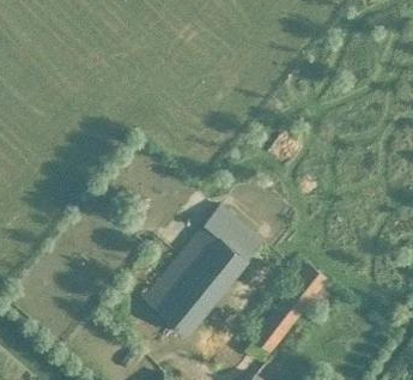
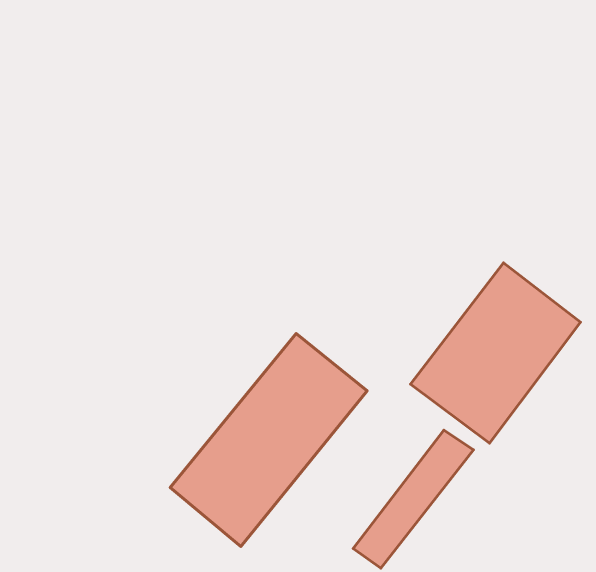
building: none -> [411,263,580,443]

